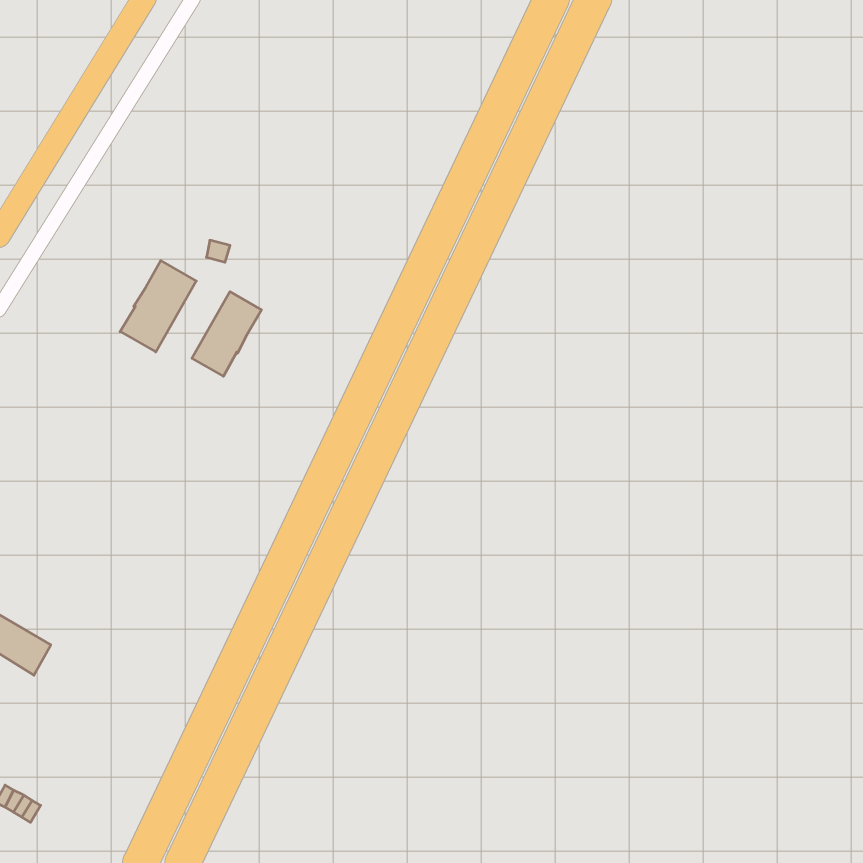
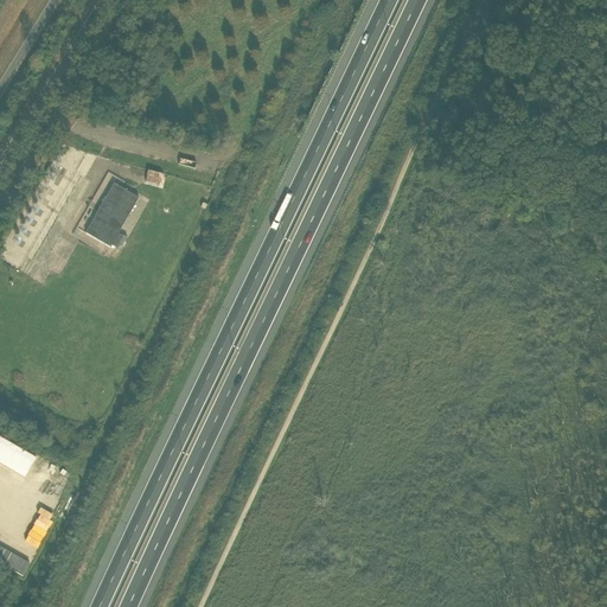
building: [192,292,261,376] -> none

